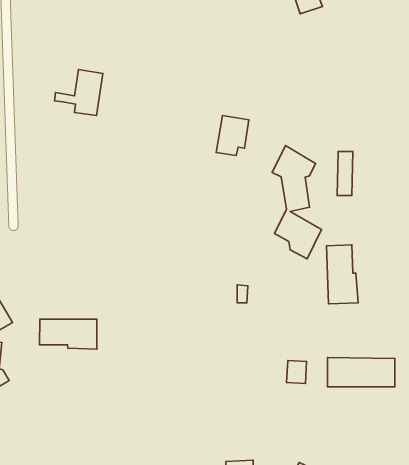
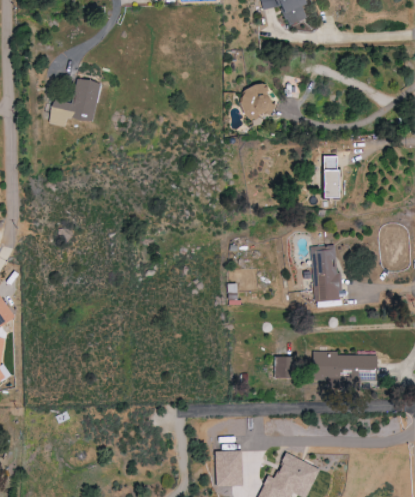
building: [216,116,249,156] -> [240,84,271,122]
building: [272,146,321,259] -> none
building: [40,319,97,349] -> none

